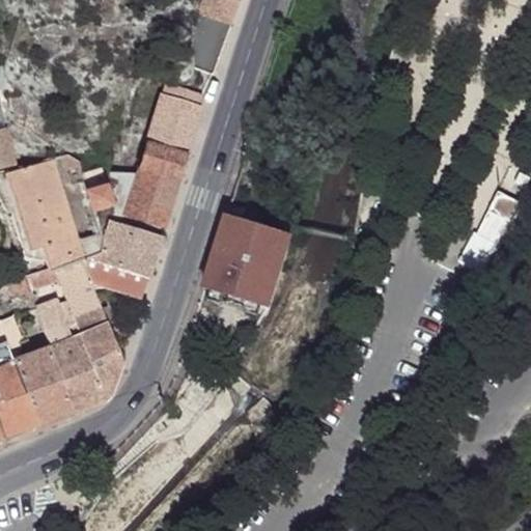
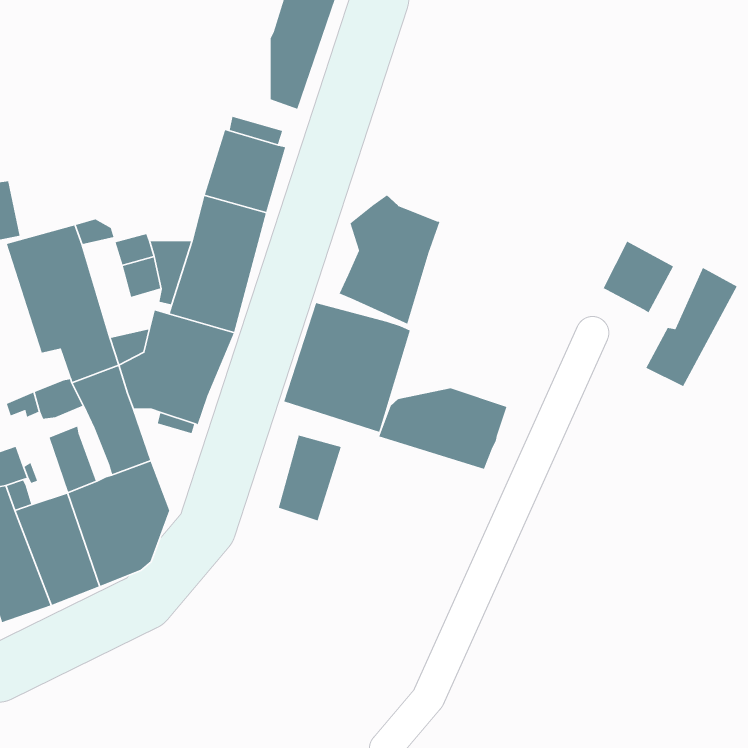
building: none -> [338,194,441,325]
building: none -> [603,240,674,313]
building: none -> [378,388,508,470]
building: none -> [278,435,342,521]

